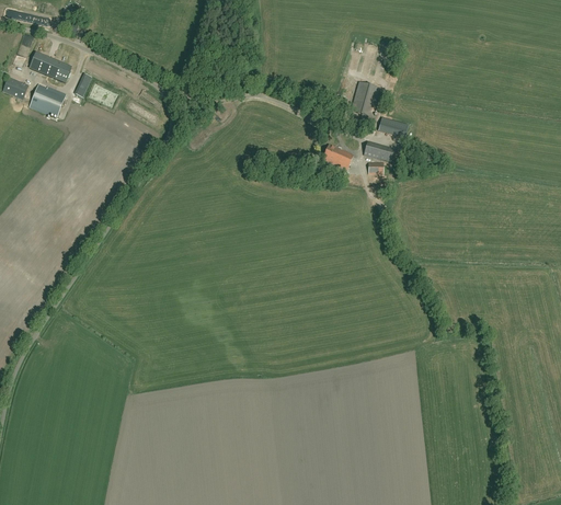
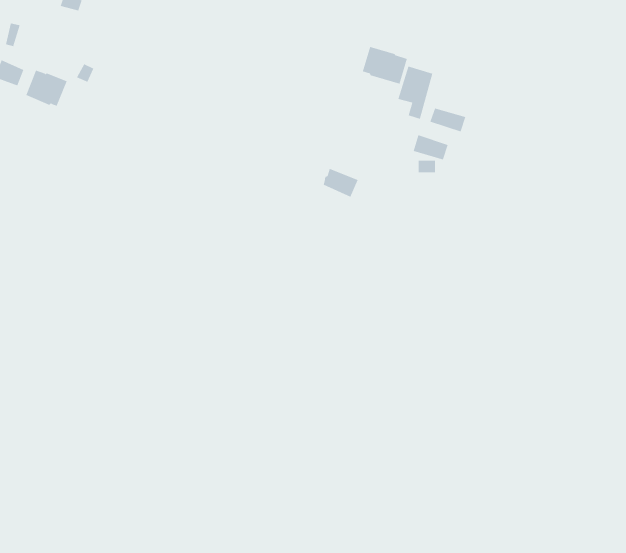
building: [30,51,71,82] -> none
building: none -> [362,46,407,84]
building: [323,145,354,170] -> [323,168,359,198]

